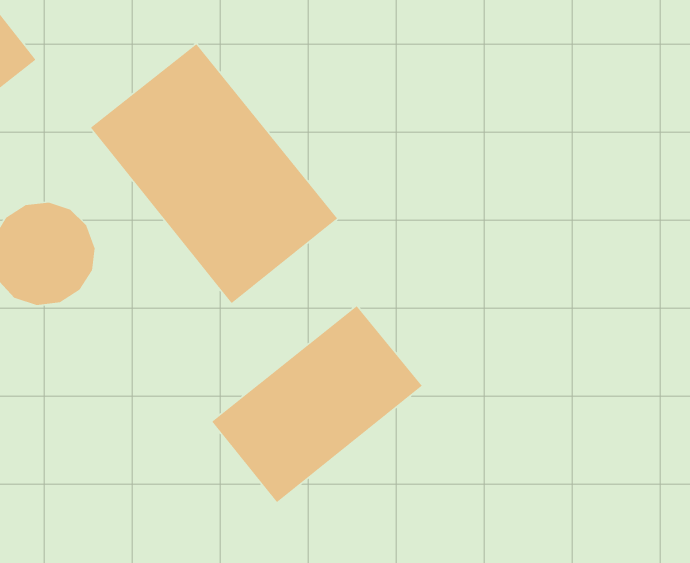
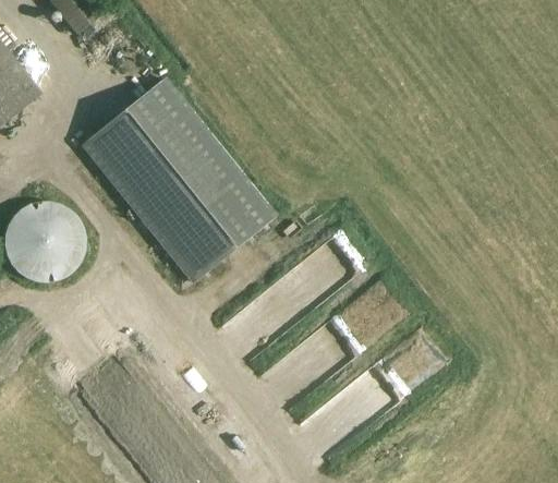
building: [211,305,423,503] -> none

